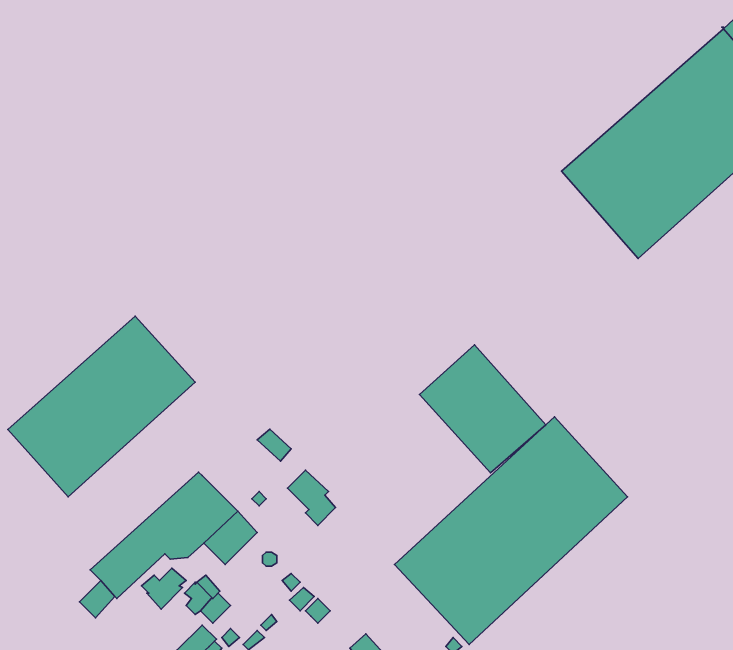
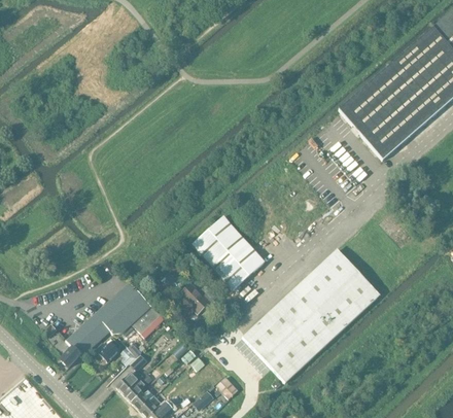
building: [8,316,195,497] -> none
building: [419,345,546,473] -> [191,215,265,289]

